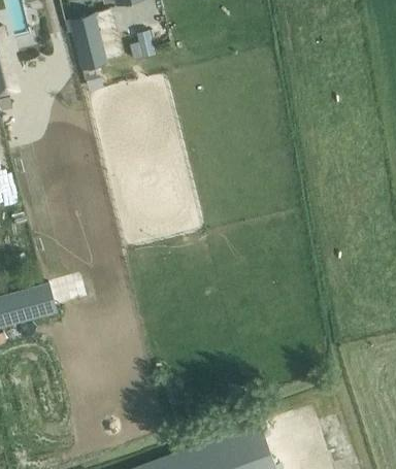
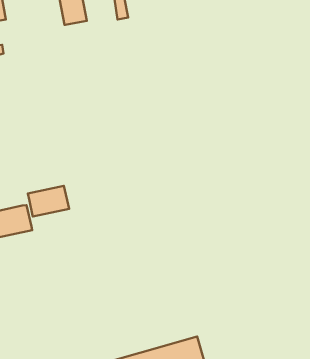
building: none -> [28,186,69,216]

